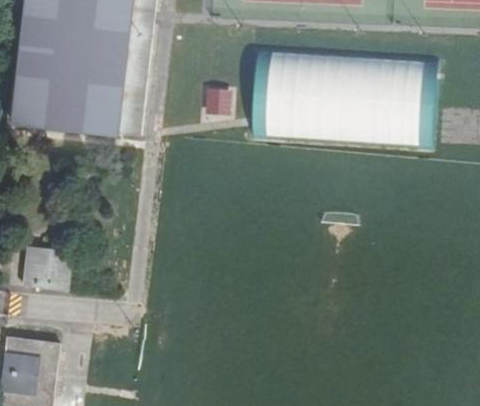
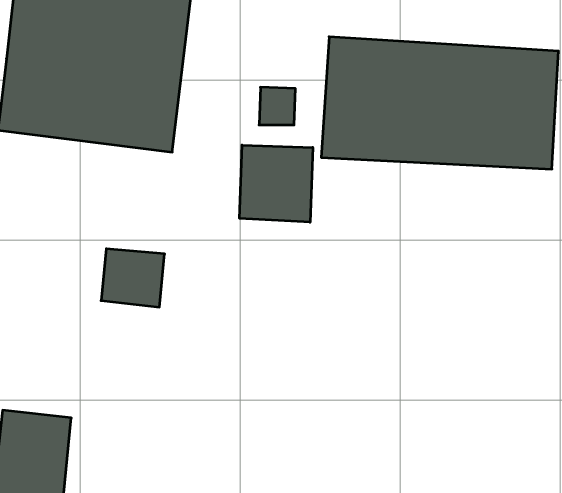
building: none -> [240,145,313,222]
building: [22,245,71,290] -> [101,249,165,307]

